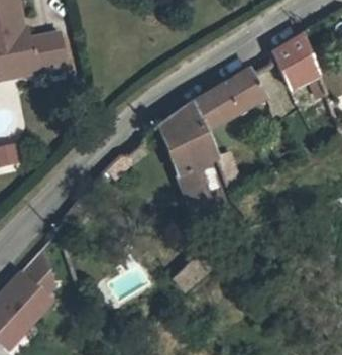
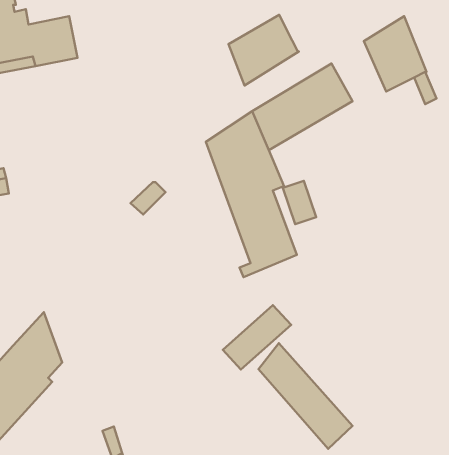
building: none -> [228,15,299,86]
building: none -> [258,343,352,449]

